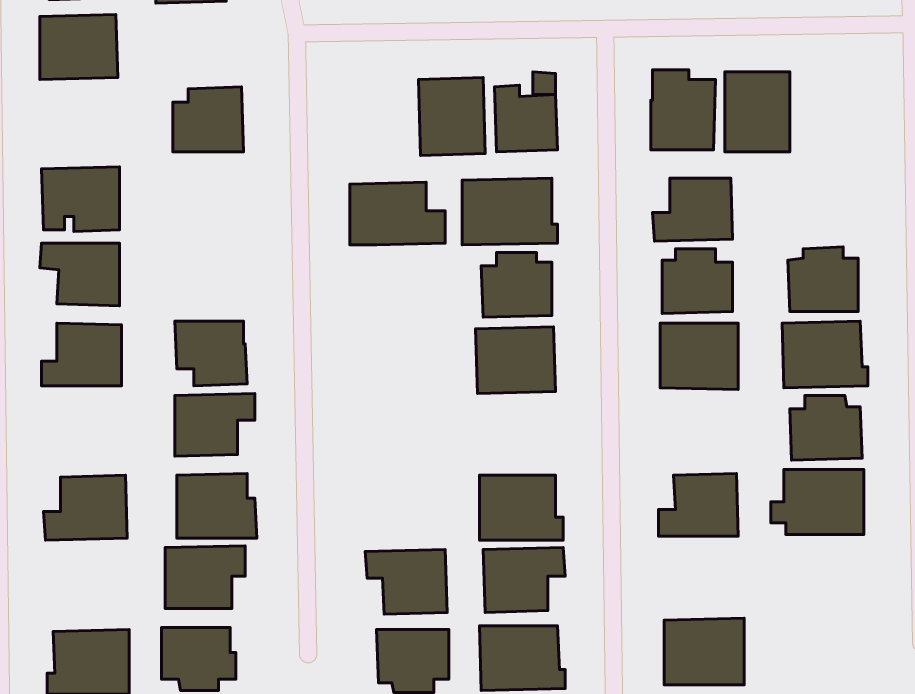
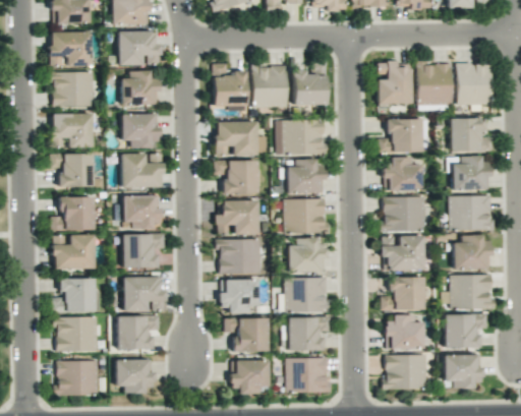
building: none -> [119,31,162,65]
building: none -> [214,63,247,111]
building: none -> [456,63,491,105]
building: none -> [53,71,95,107]
building: none -> [122,114,160,148]
building: none -> [449,118,493,152]
building: none -> [122,154,164,188]
building: none -> [216,160,258,194]
building: none -> [217,199,259,235]
building: none -> [54,235,96,270]
building: none -> [383,235,423,271]
building: none -> [288,237,327,273]
building: none -> [217,239,262,274]
building: none -> [221,280,259,313]
building: none -> [444,313,486,348]
building: none -> [57,316,100,352]
building: none -> [386,316,423,350]
building: none -> [445,354,483,389]

